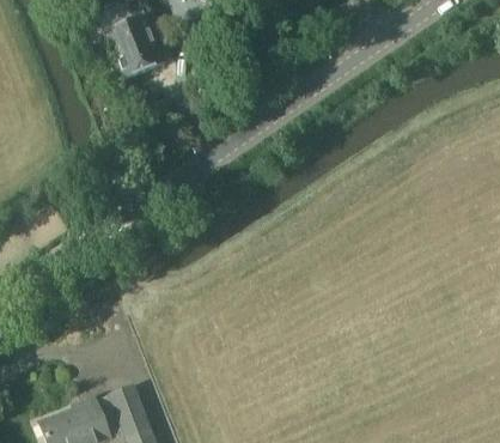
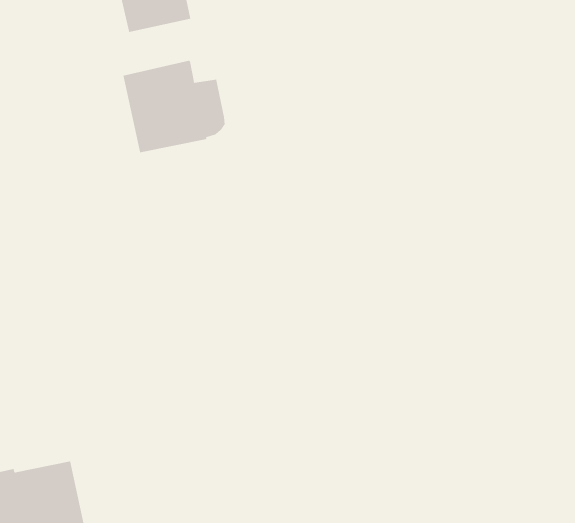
building: none -> [123,60,225,153]

